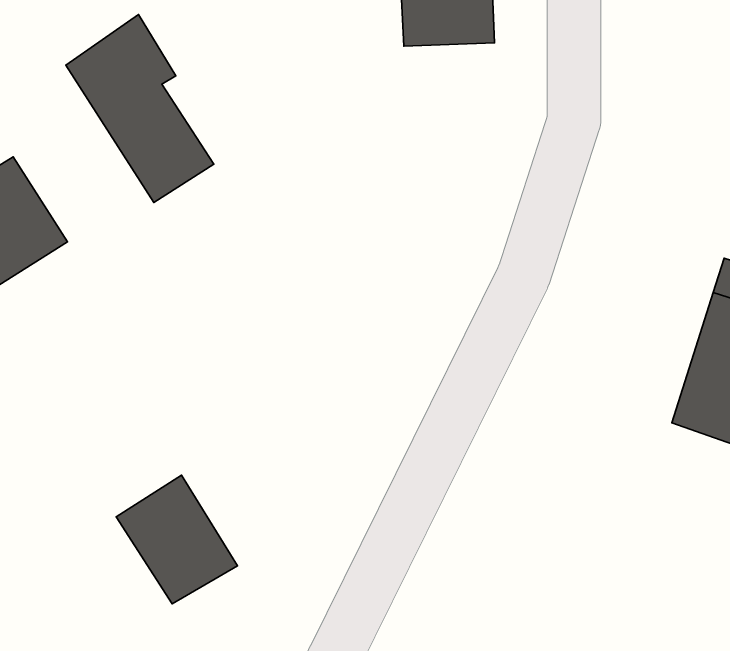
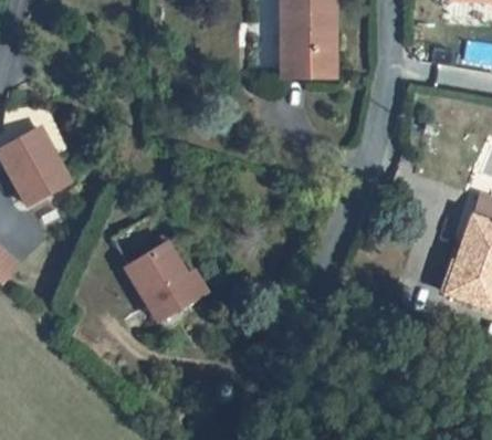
building: [66,14,214,203] -> none
building: [116,475,237,604] -> [138,245,212,324]

